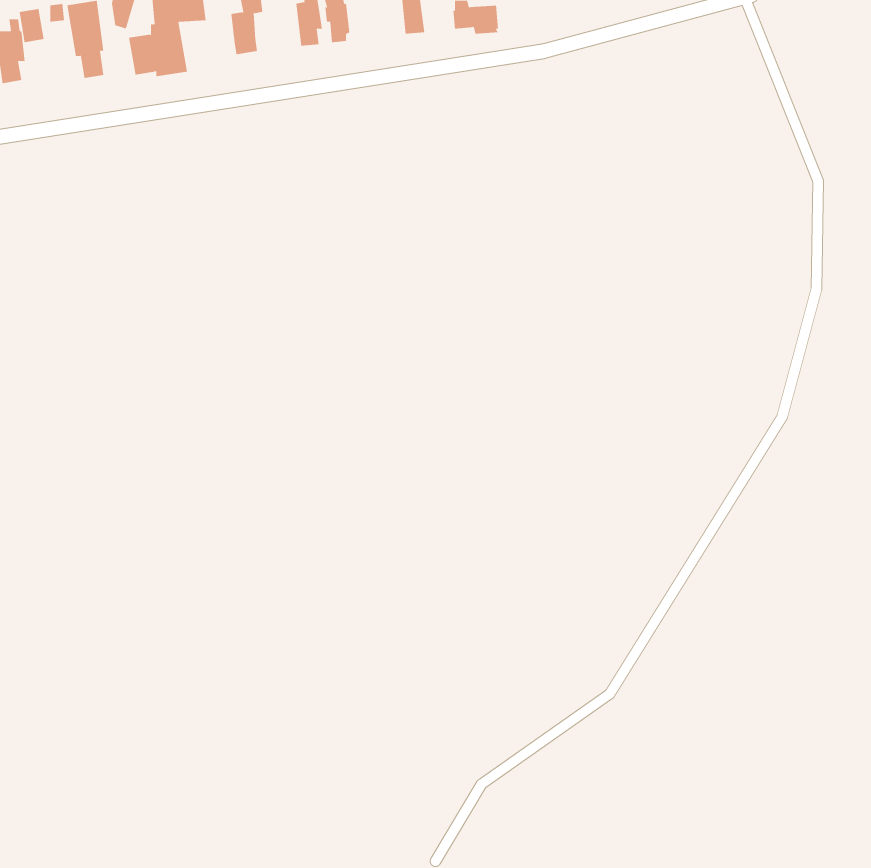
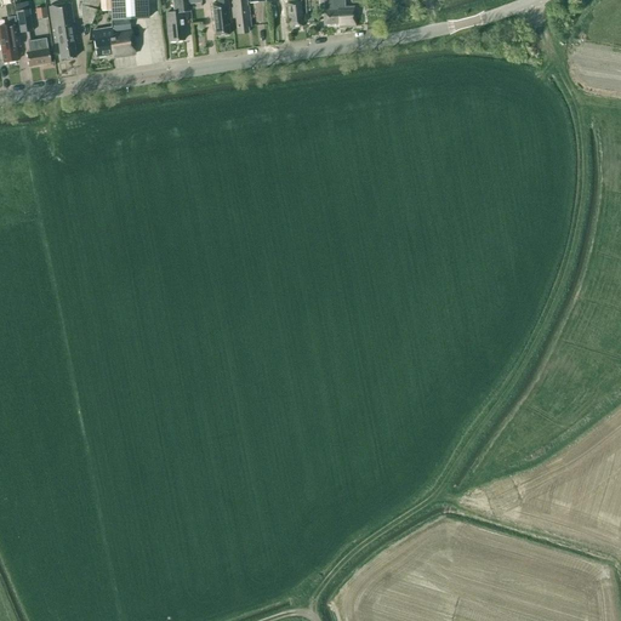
building: none -> [24,35,49,63]

